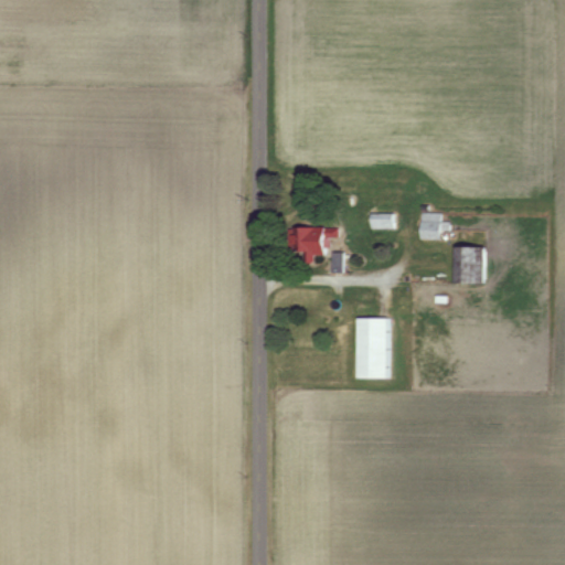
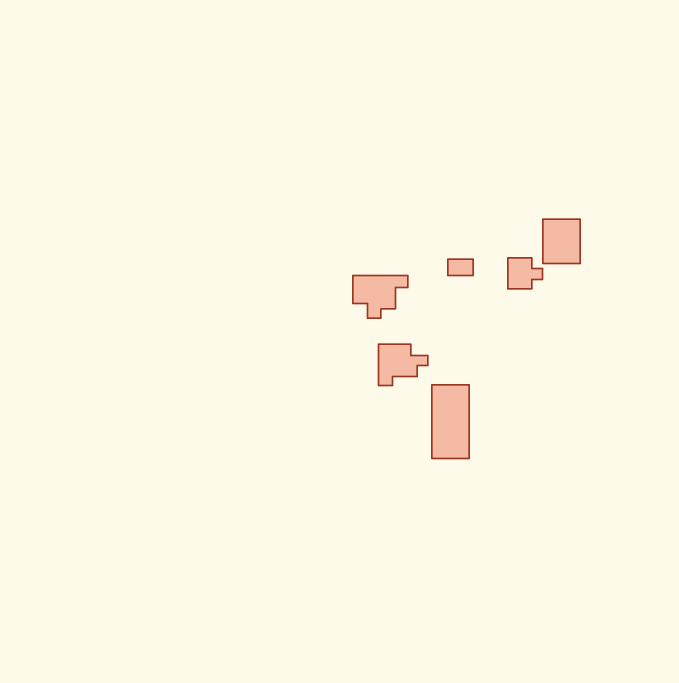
building: [454,247,484,284] -> [543,219,580,263]
building: none -> [379,344,428,386]

